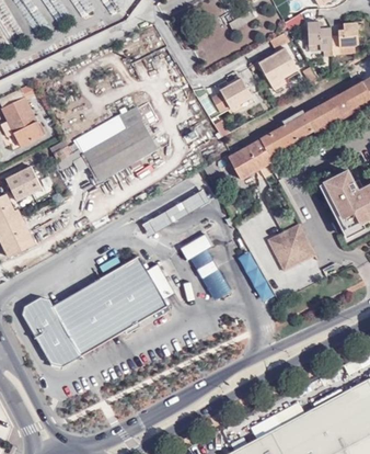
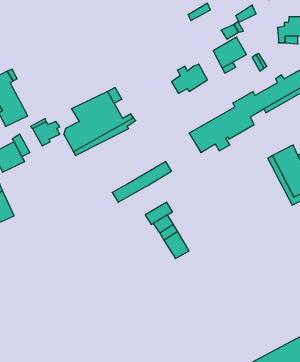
building: [308,22,331,50] -> none
building: [266,223,314,271] -> none
building: [23,256,166,364] -> none

